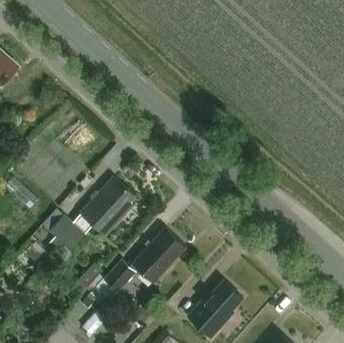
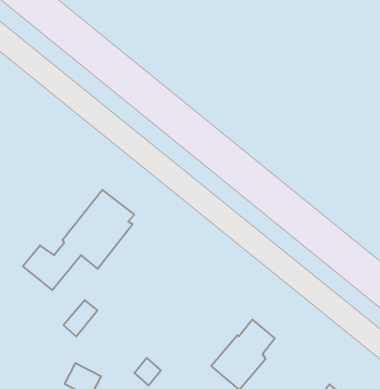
building: [104,229,186,291] -> none

